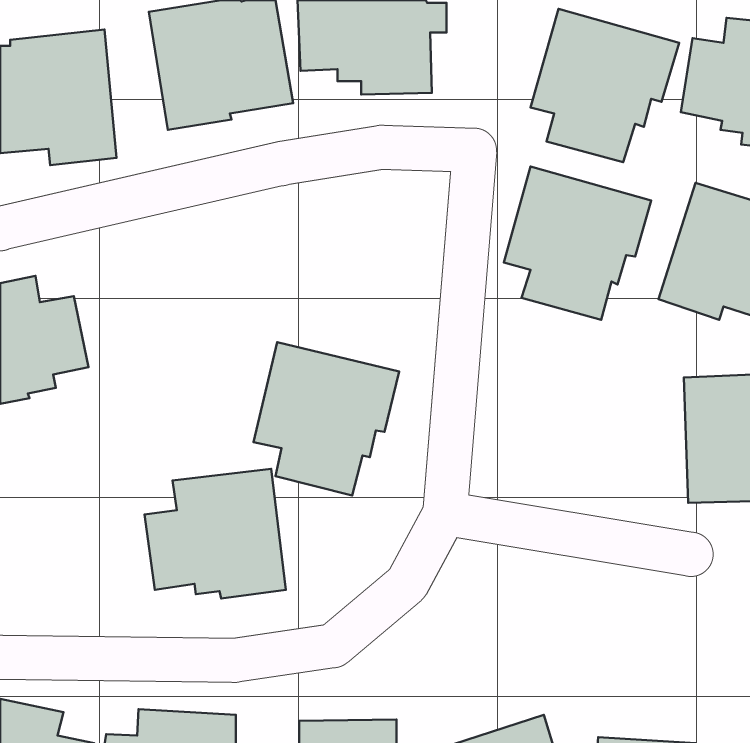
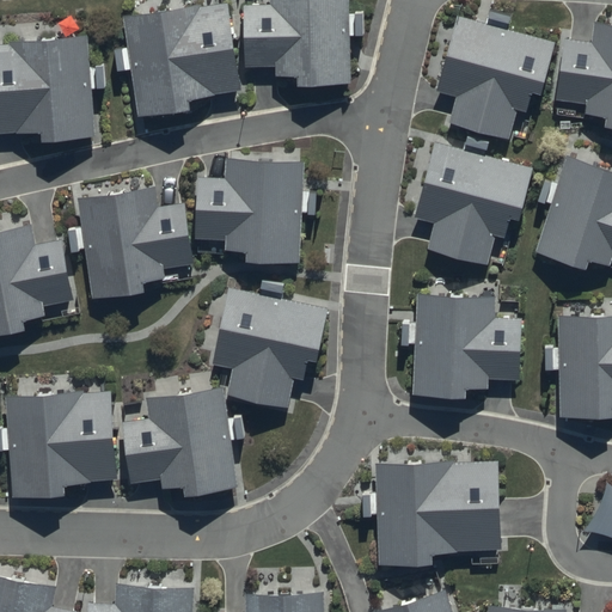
building: none -> [195,163,304,268]
building: none -> [79,194,194,302]
building: none -> [411,294,519,394]
building: none -> [7,394,117,501]
building: none -> [375,459,501,563]

